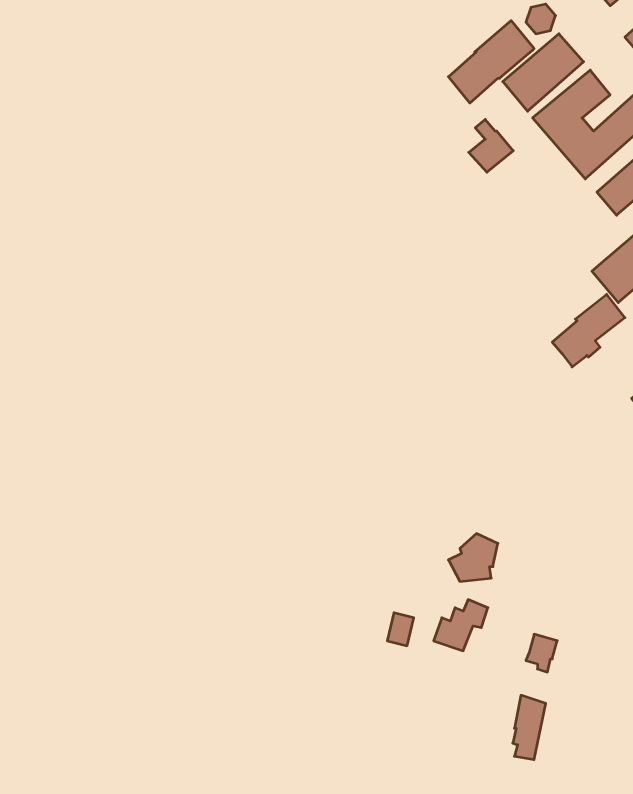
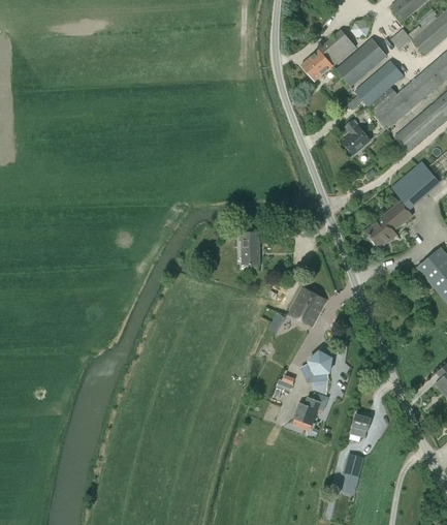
building: [469,119,513,172] -> [342,122,370,155]
building: none -> [237,233,259,265]
building: none -> [287,287,324,327]

